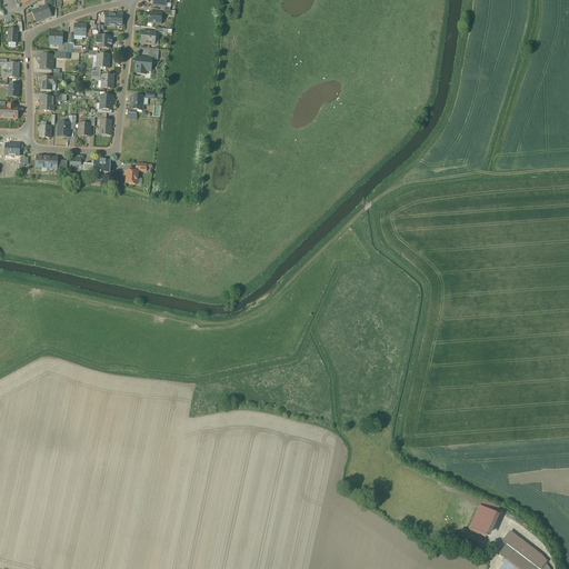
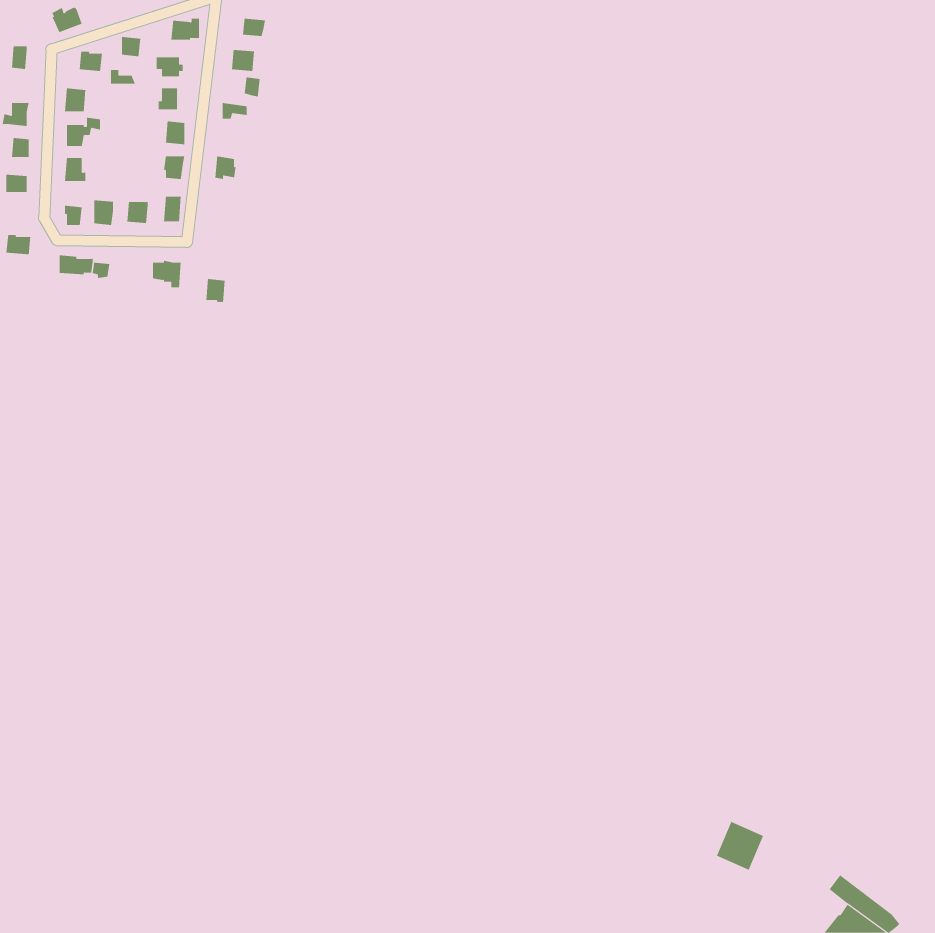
building: [469,505,498,535] -> [716,821,764,871]

